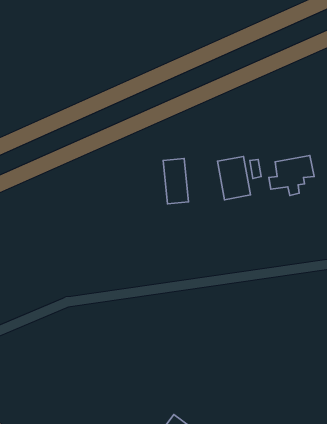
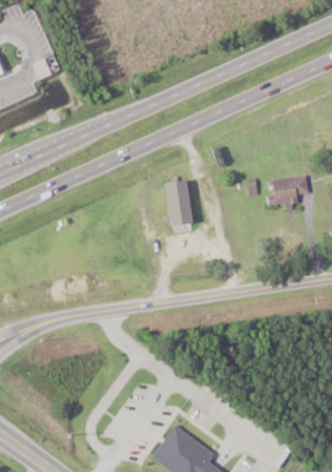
building: [217,157,251,200] -> none

